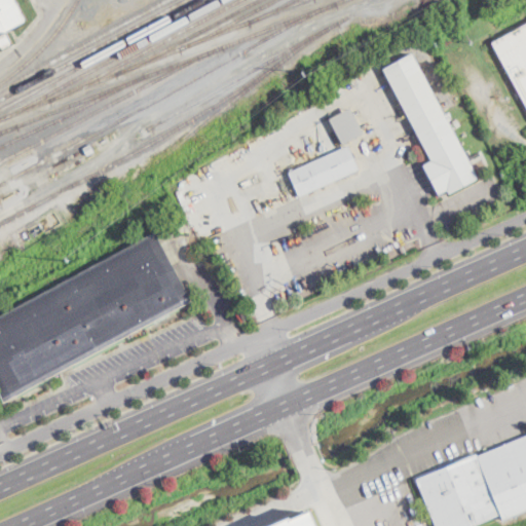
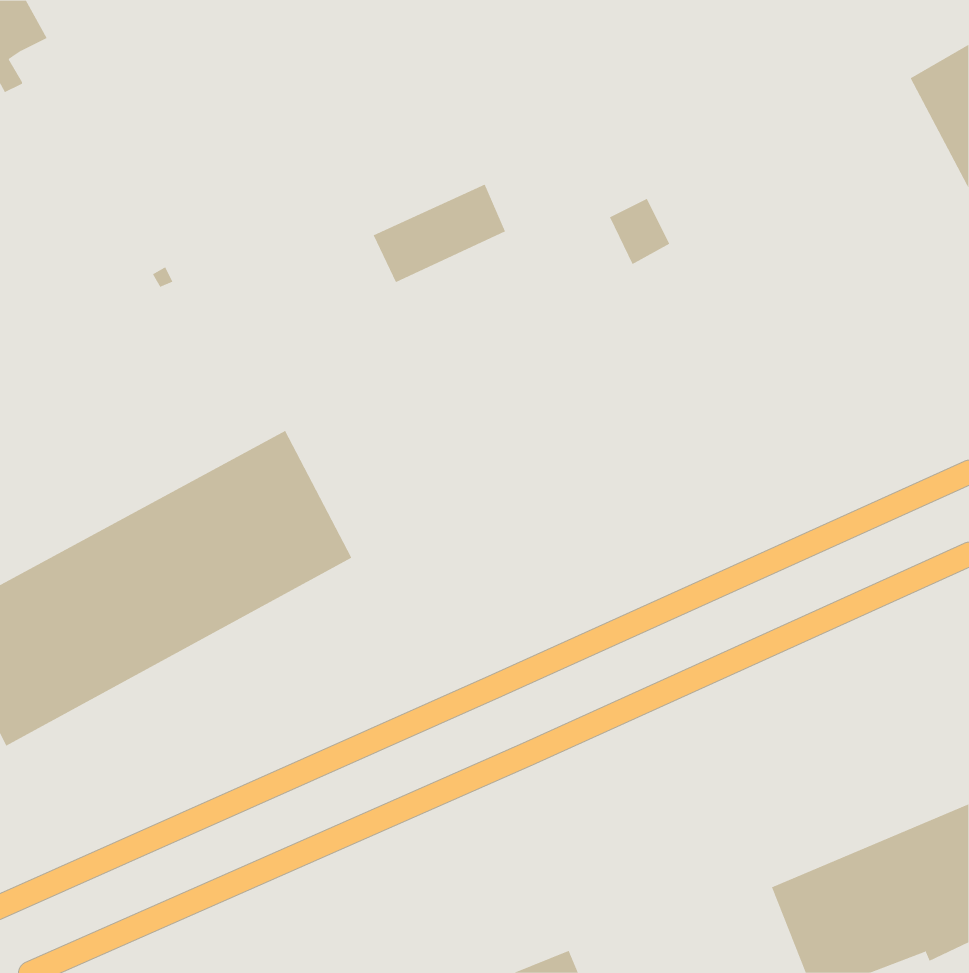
building: [381,52,478,195] -> none
building: [286,145,358,198] -> [373,184,506,283]

